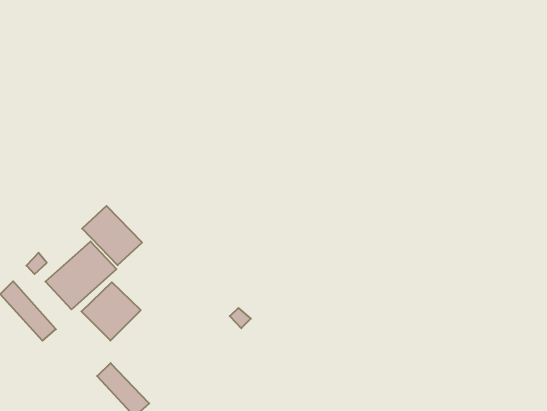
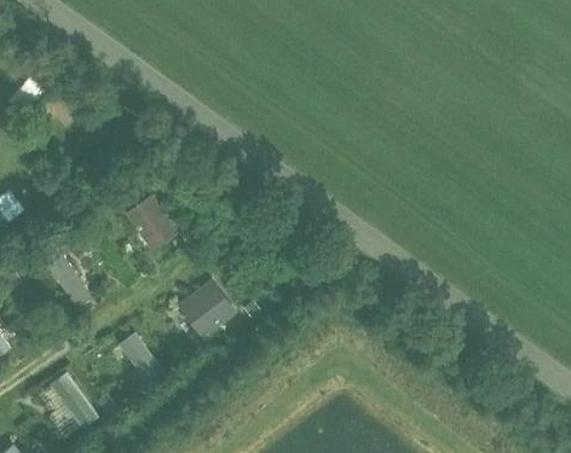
building: [45,241,116,309] -> none
building: [81,282,141,341] -> [180,285,232,336]

